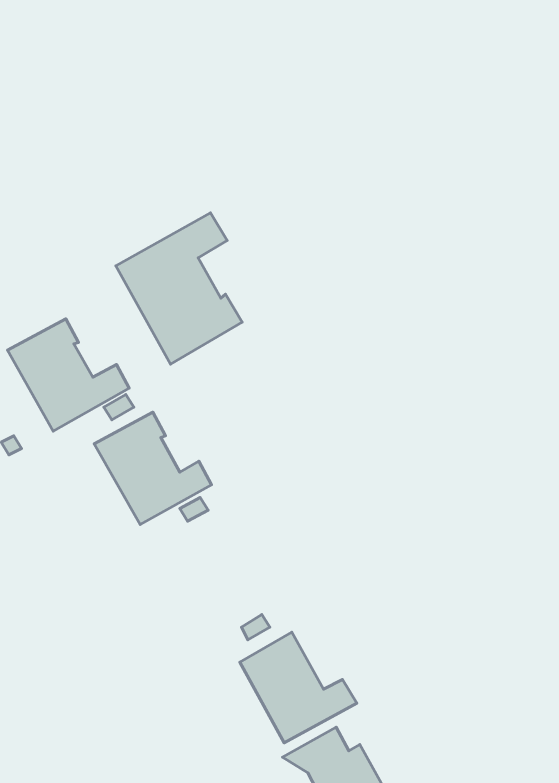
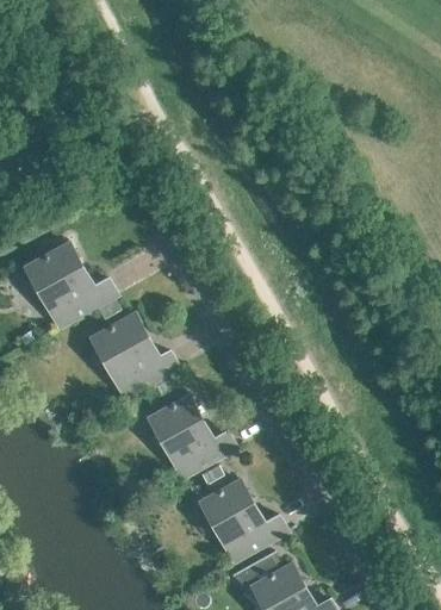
building: [116,213,242,364] -> none
building: none -> [147,394,234,477]

